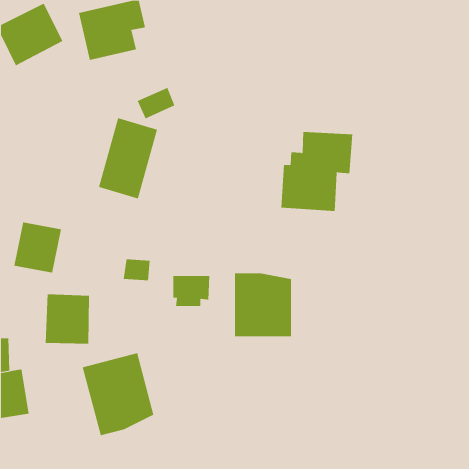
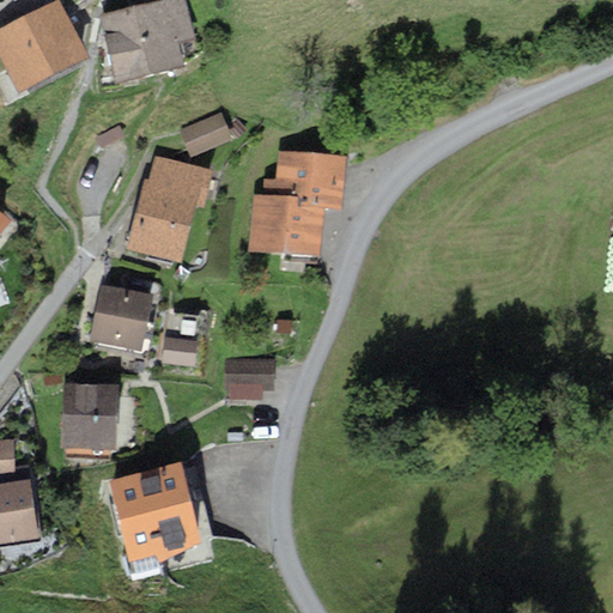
building: [281,132,353,211] -> [249,152,344,256]
building: [13,222,62,273] -> [90,284,153,351]
building: [234,273,291,337] -> none

